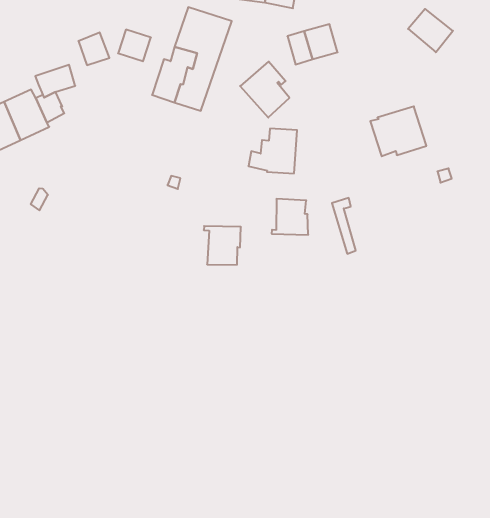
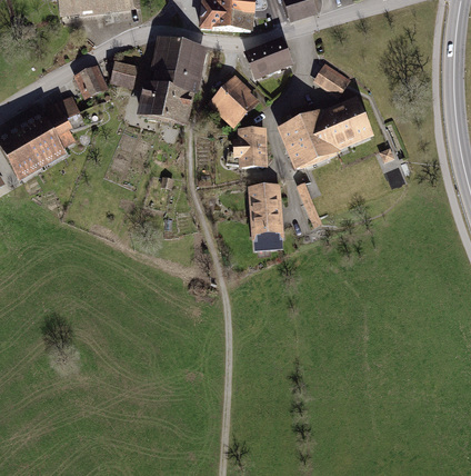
building: [408,9,453,52] -> [313,62,350,97]
building: none -> [281,112,337,167]
building: [204,226,241,265] -> [251,214,282,247]

